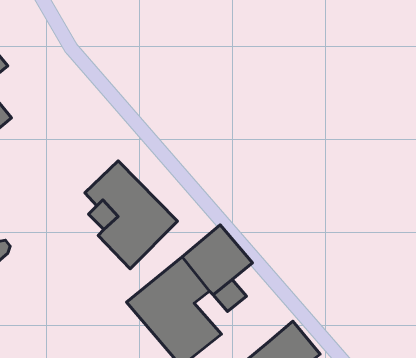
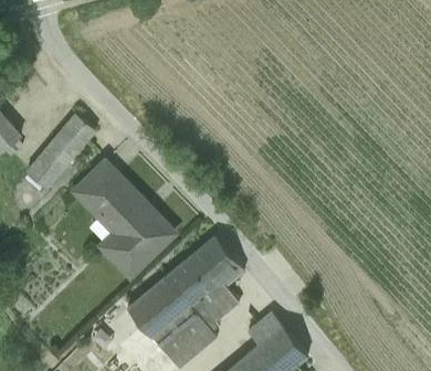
building: none -> [27,115,95,189]
building: none -> [73,162,118,208]
building: none -> [242,310,281,347]

